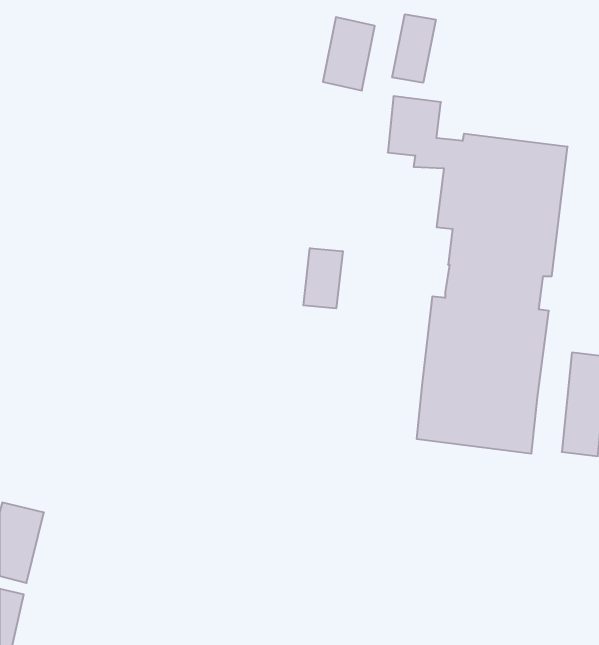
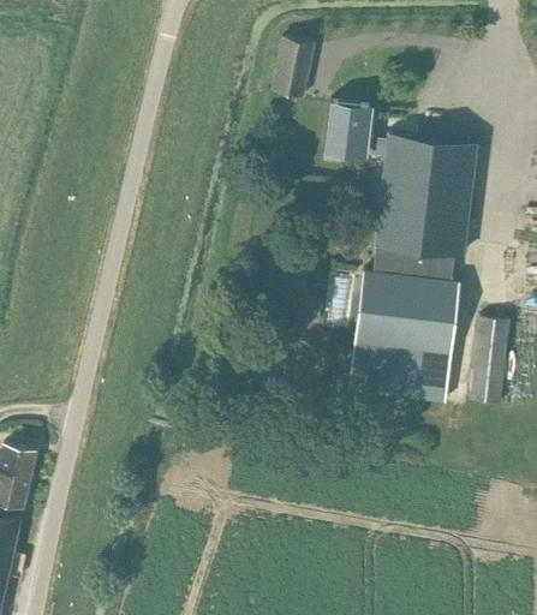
building: [392,14,436,83] -> none
building: [303,248,343,308] -> none

